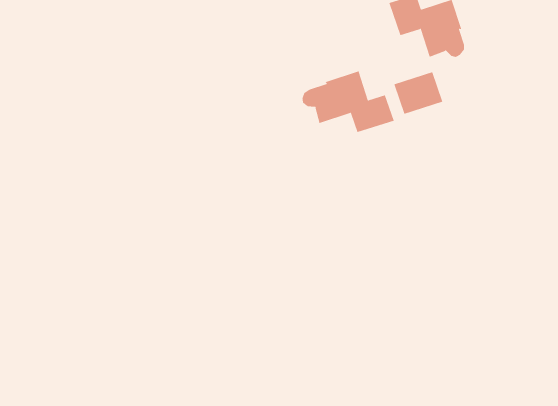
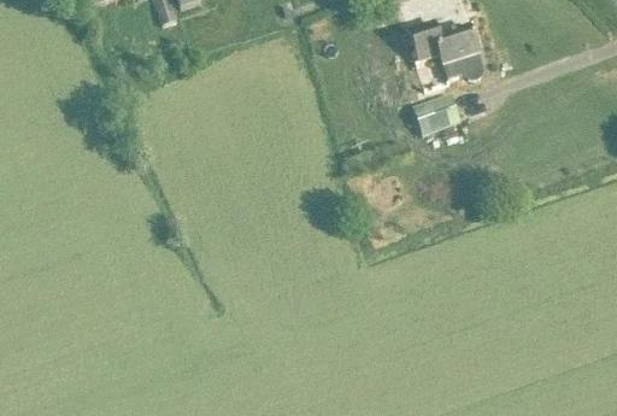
building: [302,71,394,133] -> none

